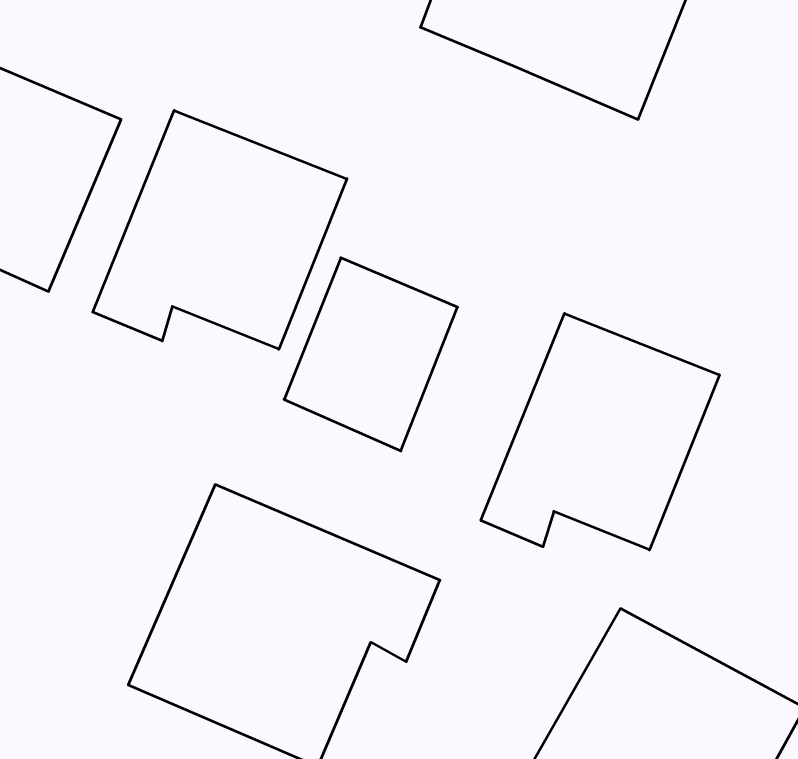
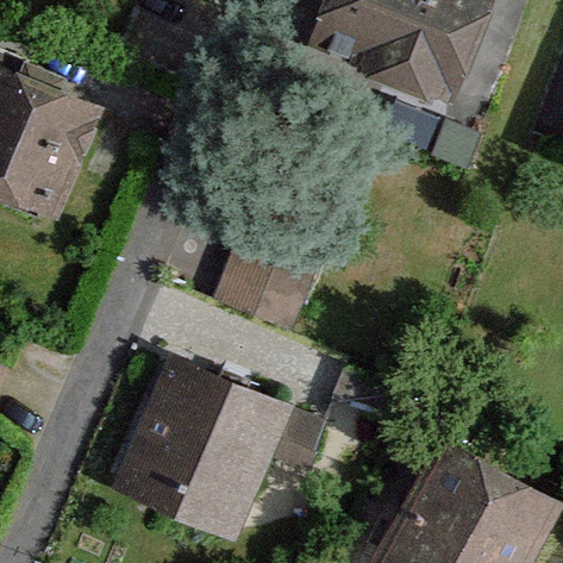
building: [93,110,347,349] -> none
building: [481,313,719,550] -> none

